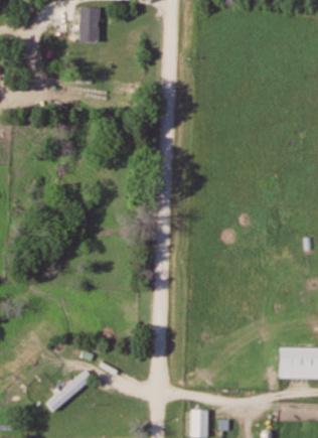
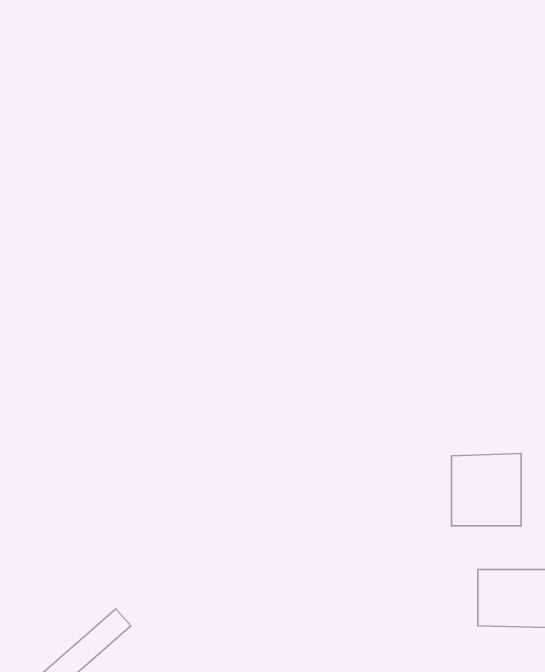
building: none -> [451,453,521,526]

